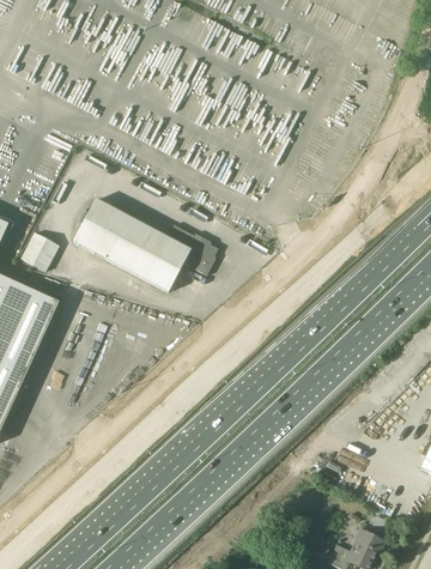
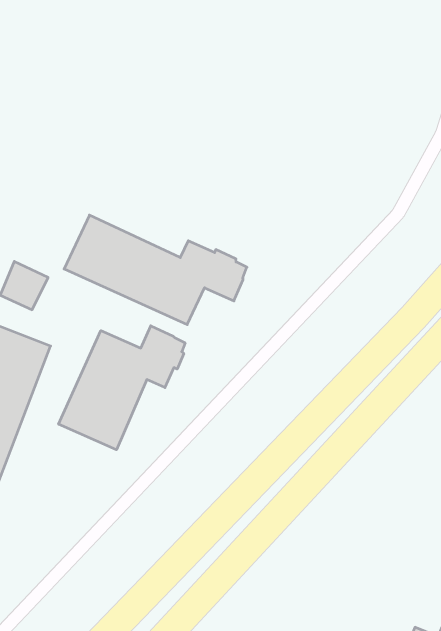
building: none -> [59,326,185,450]

